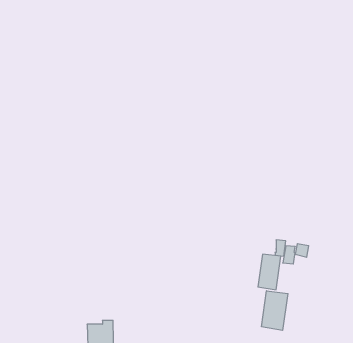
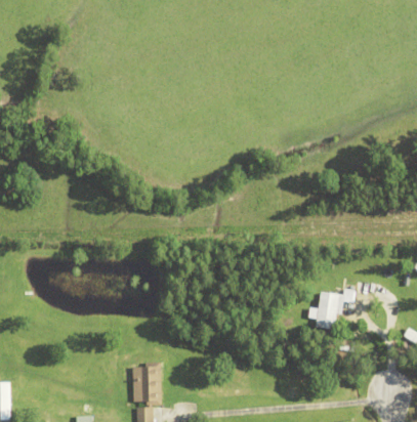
building: [262,291,288,330] -> none

